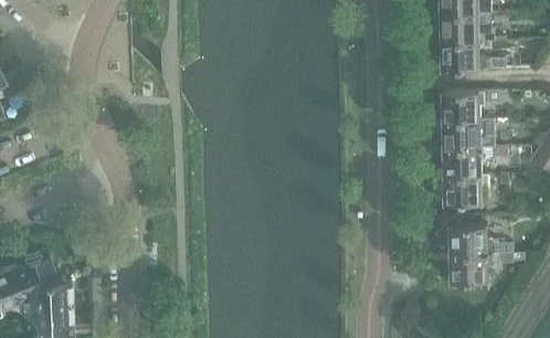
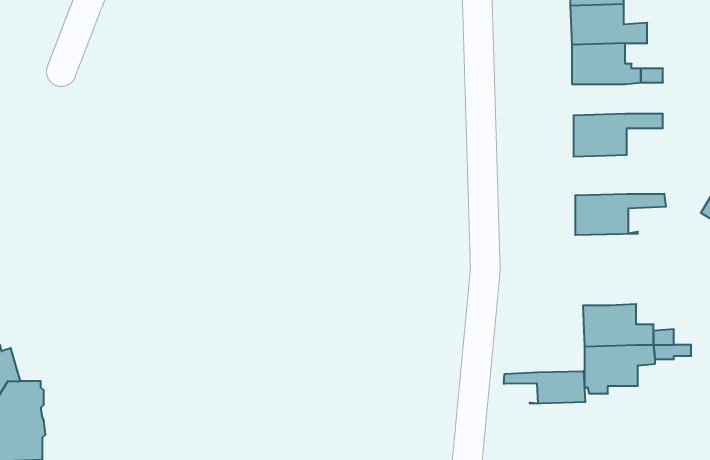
building: [442,119,495,148] -> none
building: [443,175,487,210] -> none
building: none -> [504,371,585,404]

